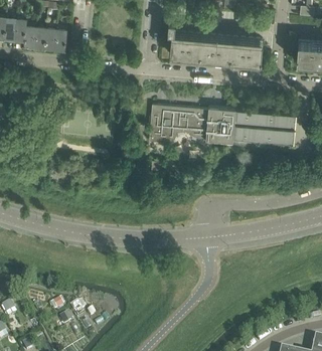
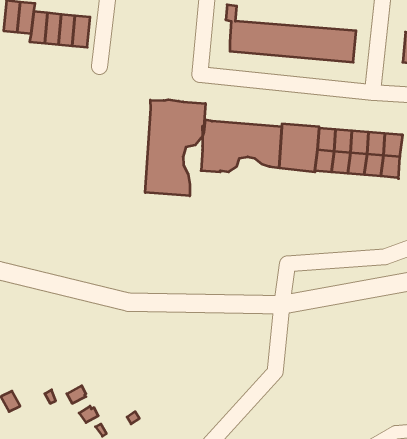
building: none -> [145,100,205,196]

